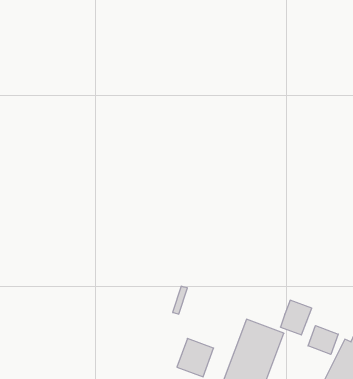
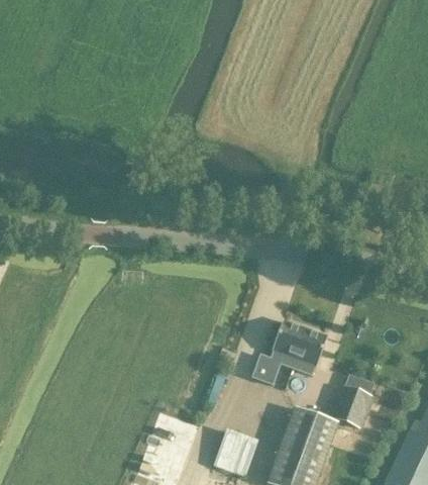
building: none -> [252,320,328,384]
building: [308,326,338,354] -> none

